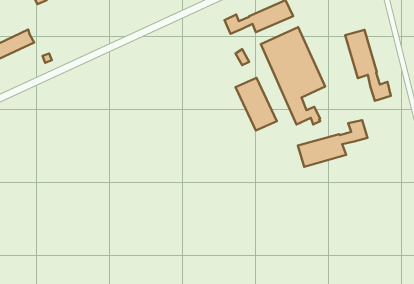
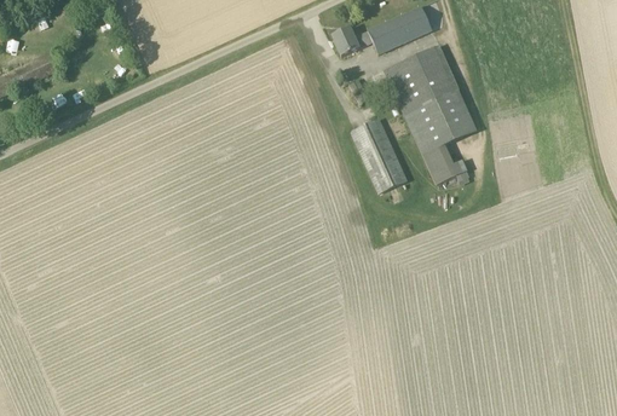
building: [345,30,391,101] -> none
building: [298,120,368,167] -> none

